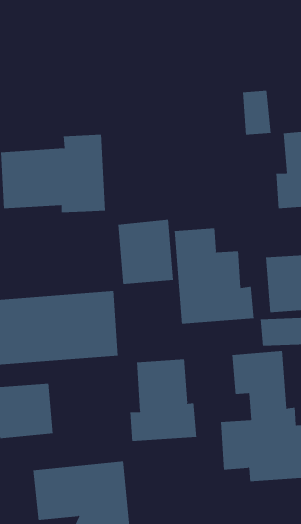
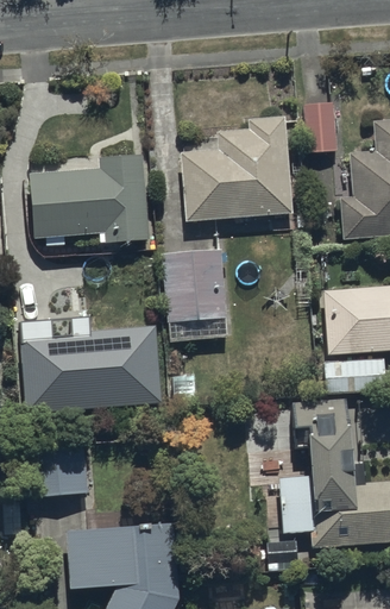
building: none -> [181,118,291,222]
building: [174,228,254,325] -> none
building: [130,358,197,442] -> none

